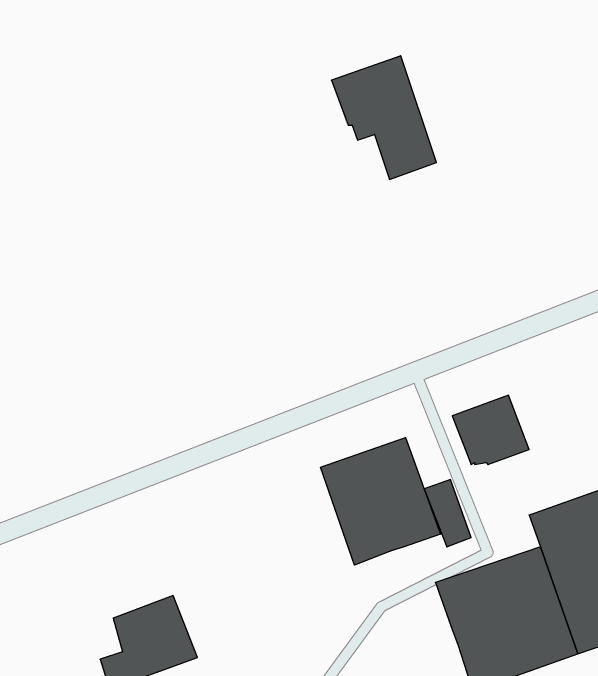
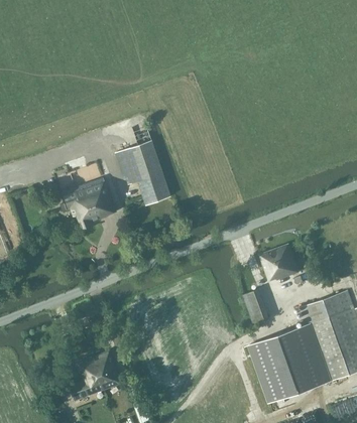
building: [331,56,436,179] -> [114,139,170,205]
building: none -> [60,177,116,228]
building: [321,438,441,565] -> none

